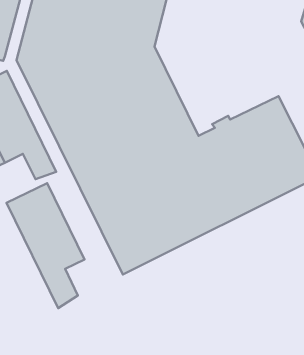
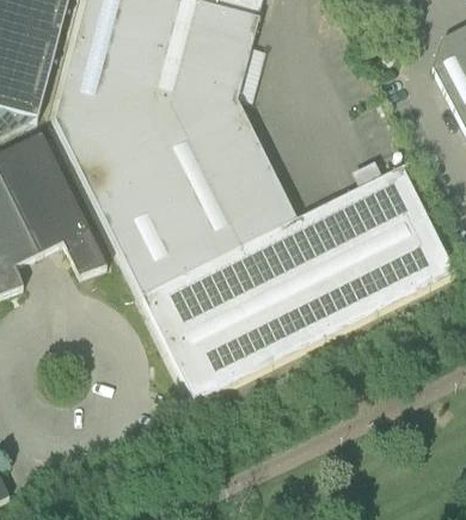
building: [6,183,84,308] -> none

